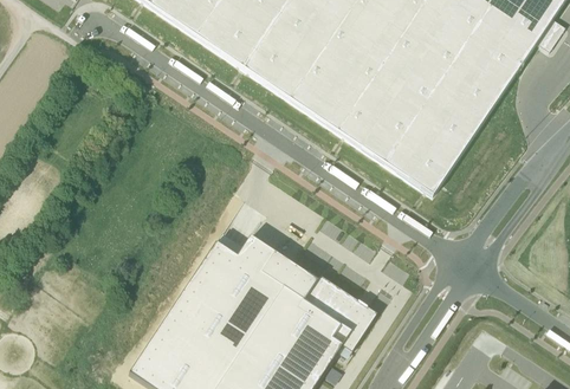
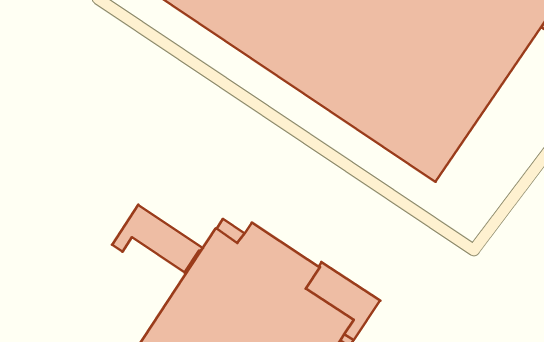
building: none -> [112,205,203,273]

